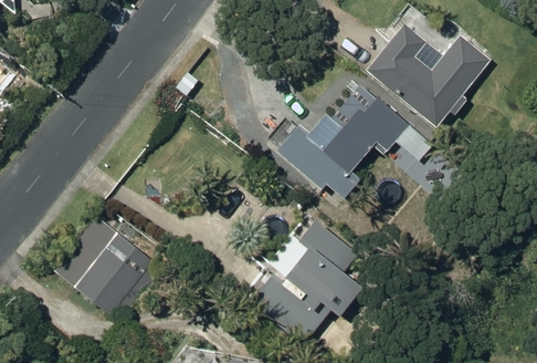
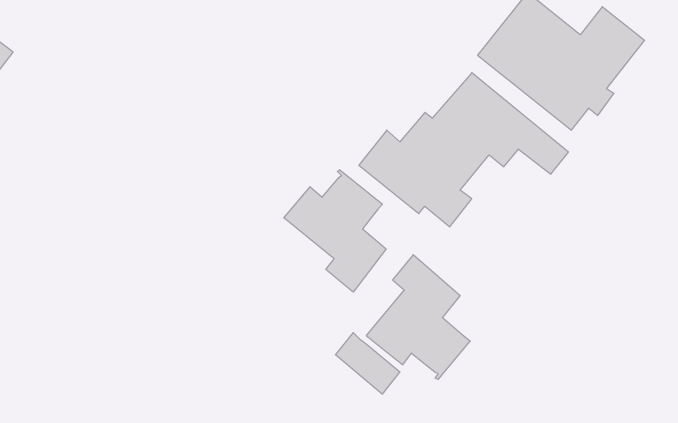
building: none -> [284,170,386,292]
building: [53,217,152,319] -> none

